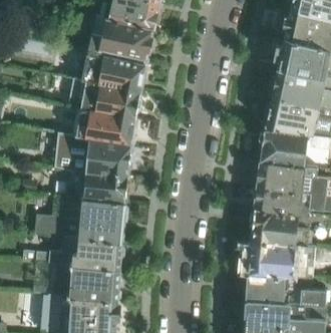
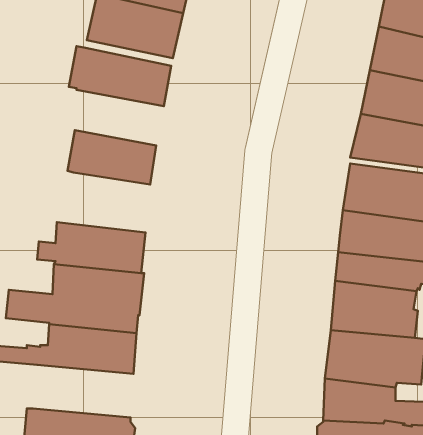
building: [69,76,140,116] -> none
building: [69,134,131,175] -> none
building: [53,263,122,298] -> none

